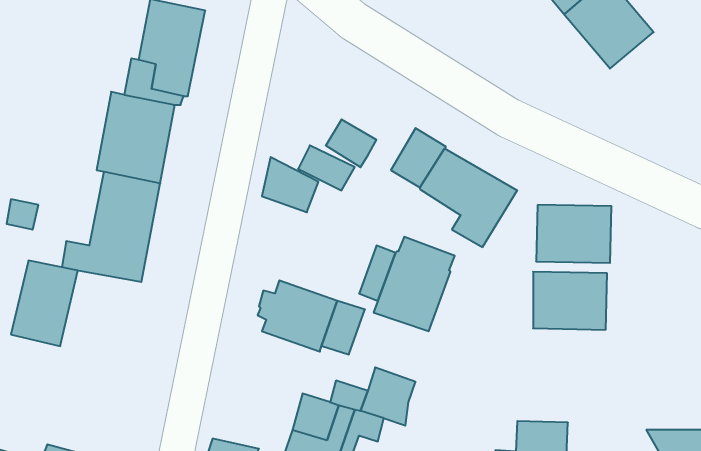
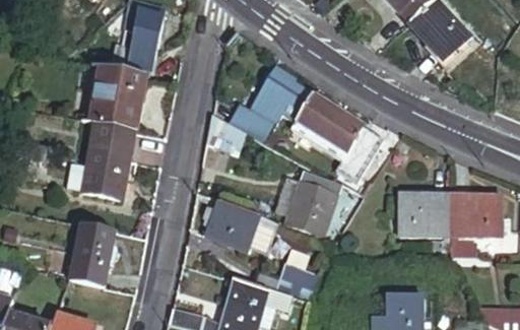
building: none -> [261,71,313,124]
building: [536,205,612,263] -> [446,197,499,238]
building: [11,261,78,346] -> [68,228,115,288]

